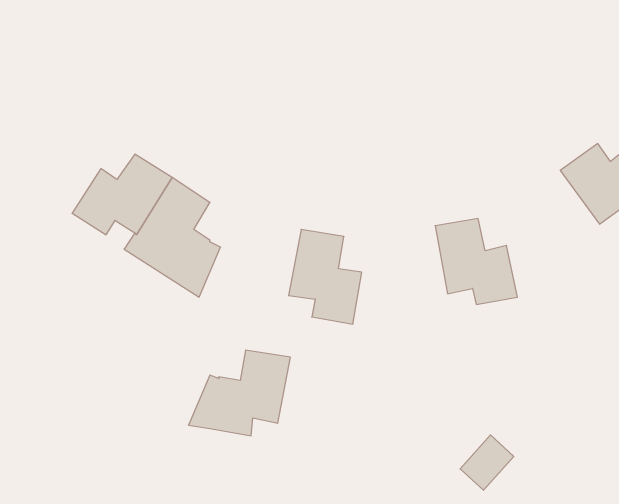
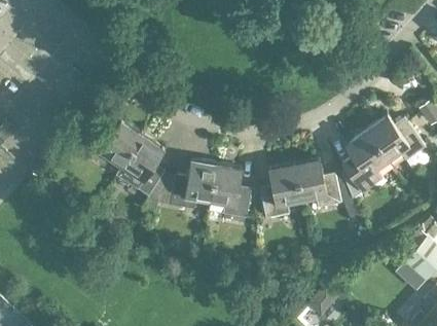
building: none -> [343,132,388,193]
building: none -> [259,164,300,219]
building: [188,350,290,436] -> [157,161,216,211]

